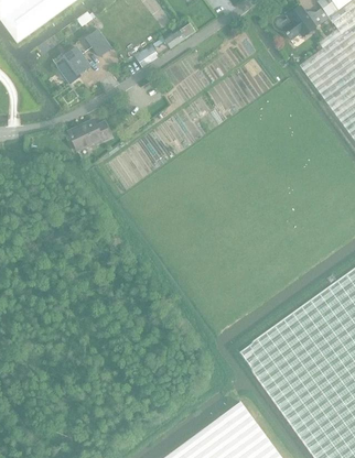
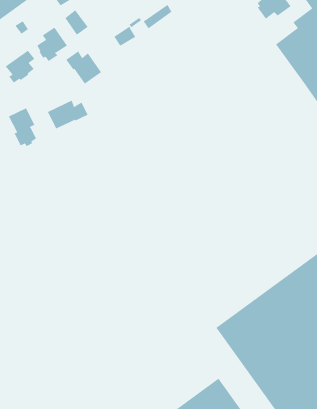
building: none -> [5,50,35,83]
building: none -> [65,51,102,84]
building: none -> [8,107,37,147]

